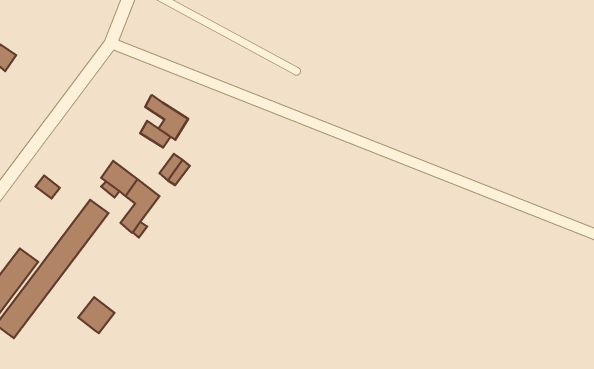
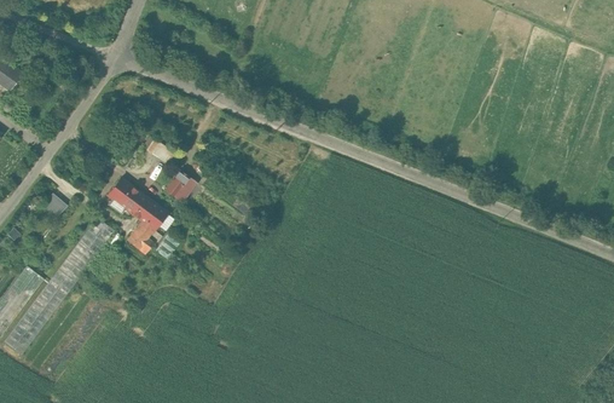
building: [145,95,188,140] -> none
building: [78,297,115,333] -> none

